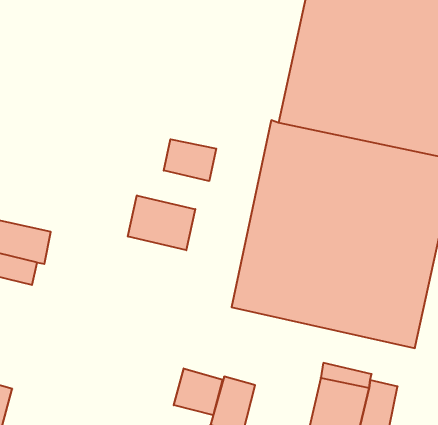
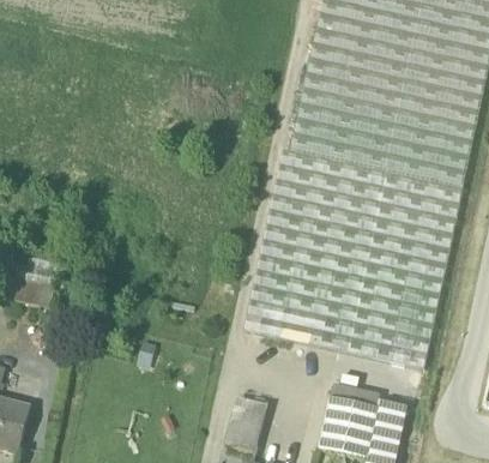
building: [164,139,216,181] -> none
building: [128,195,195,250] -> none
building: [174,368,223,415] -> none

